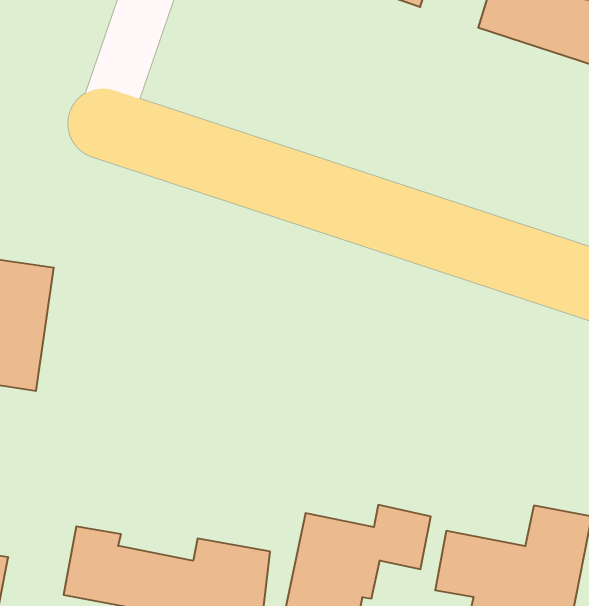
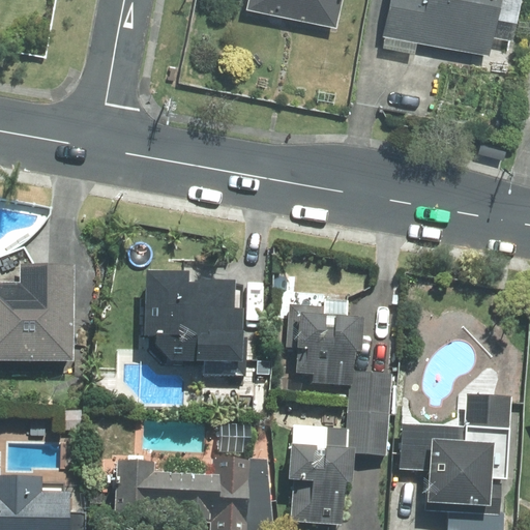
building: none -> [144,269,248,376]
building: none -> [286,305,391,411]

